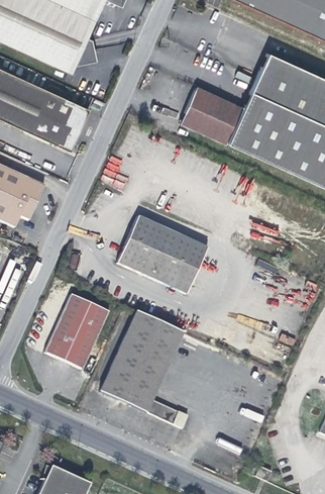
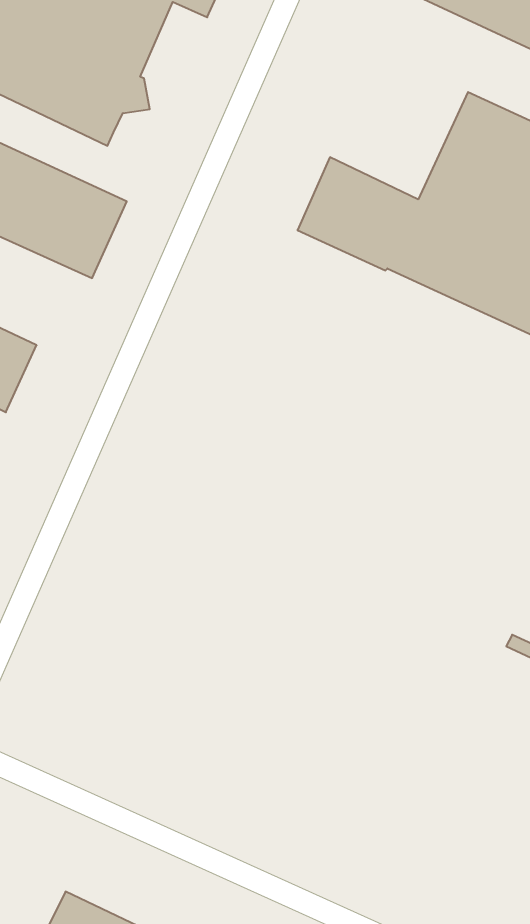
building: [125,218,216,296] -> none
building: [40,293,105,369] -> none
building: [101,311,189,422] -> none

